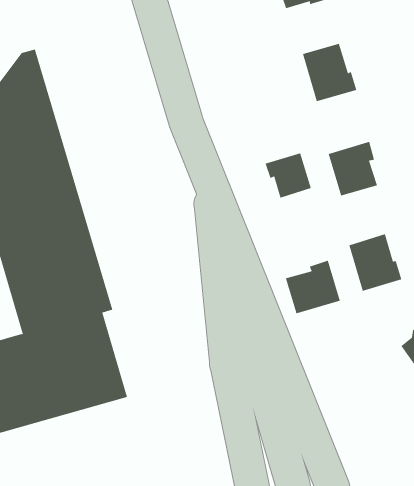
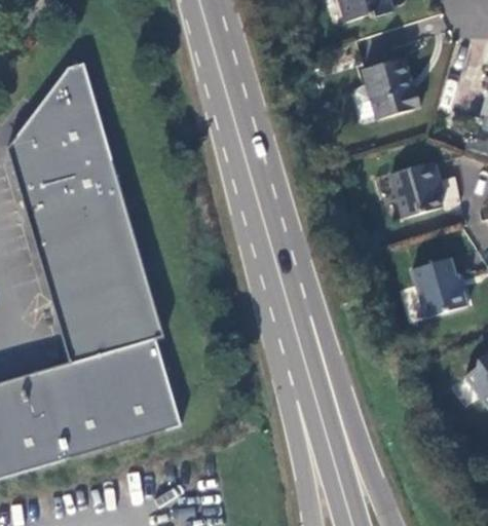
building: [265,152,312,199] -> none
building: [285,260,340,314] -> none

